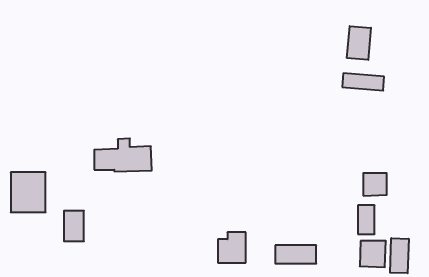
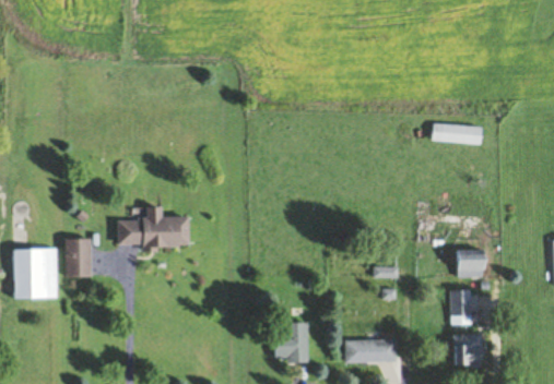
building: [347,26,371,60] -> none
building: [64,211,84,241] -> [67,238,92,276]
building: [390,238,409,273] -> none

